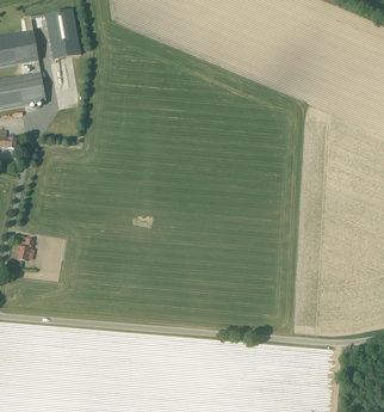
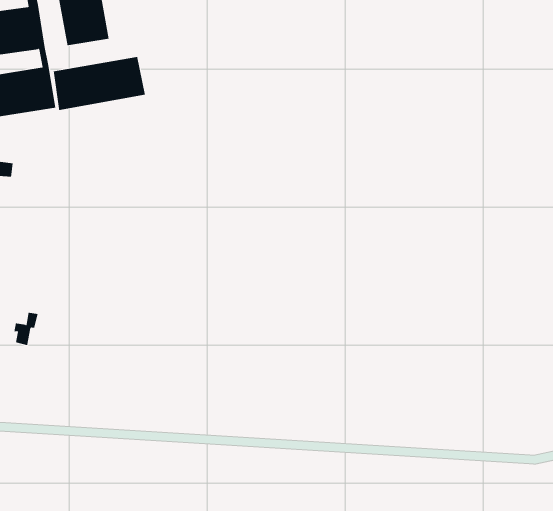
building: none -> [53,56,145,111]

